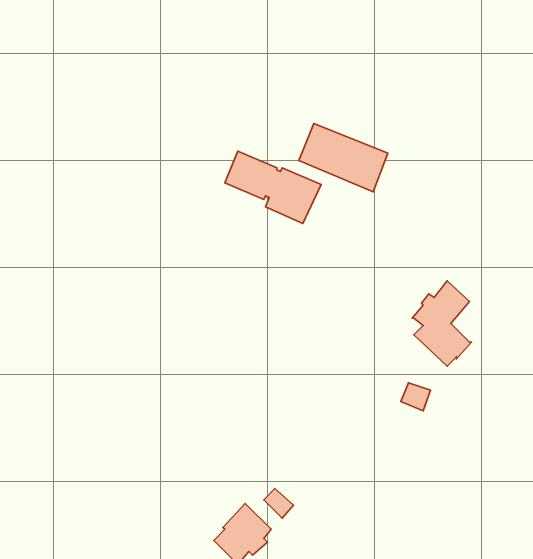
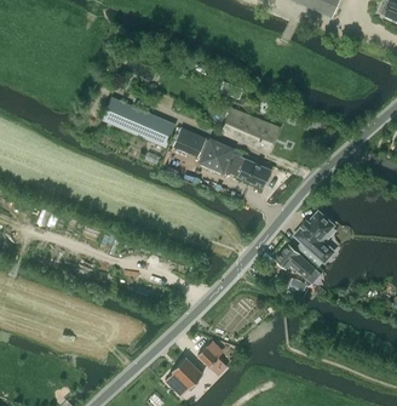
building: none -> [102,97,174,147]
building: none -> [236,156,271,188]
building: none -> [276,245,315,278]

